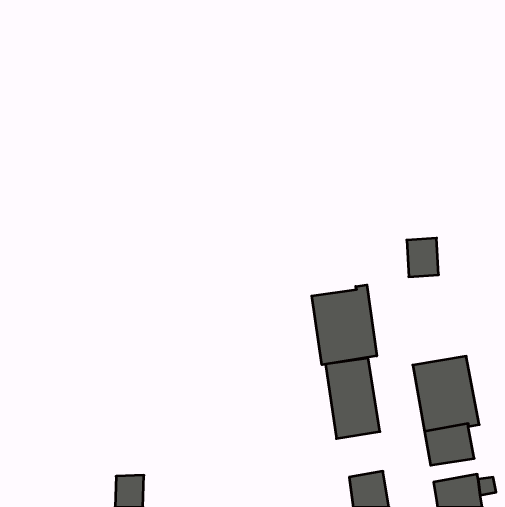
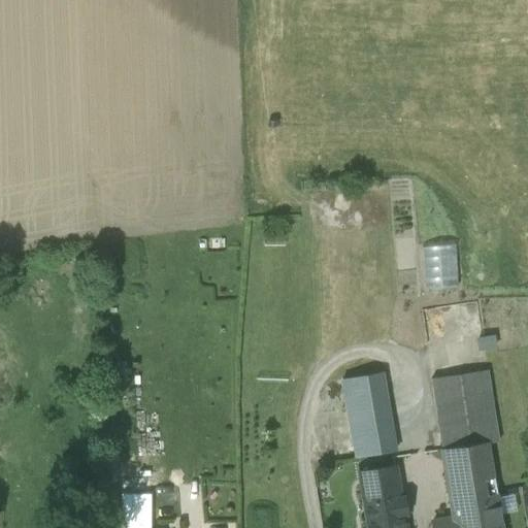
building: [312,285,377,365] -> none
building: none -> [361,466,400,496]
building: none -> [450,476,498,501]

